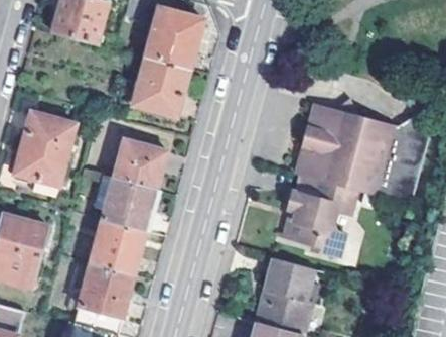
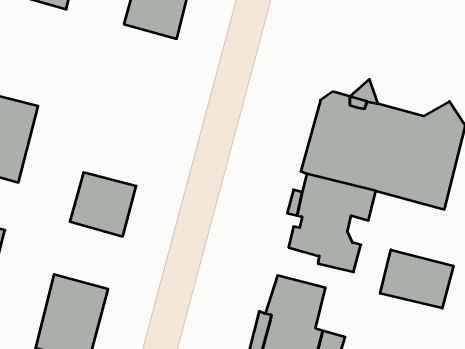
building: [134,53,190,114] -> none
building: [114,136,167,187] -> none
building: [90,216,146,271] -> none
building: none -> [380,250,453,308]

